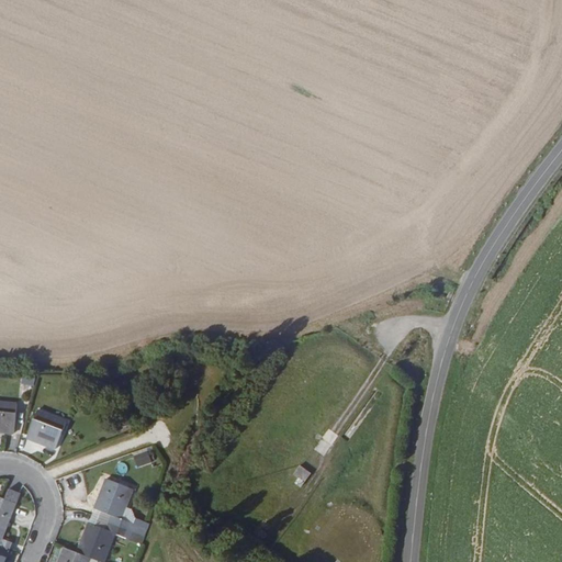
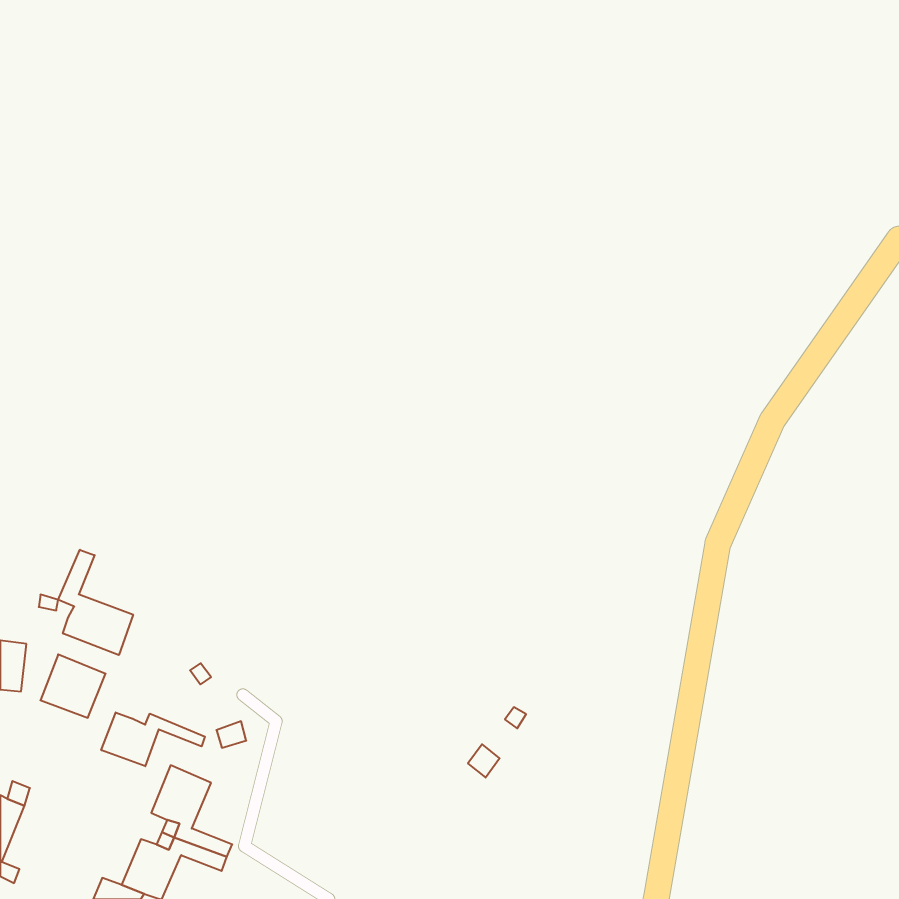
building: none -> [58,550,133,655]
building: none -> [101,712,205,766]

